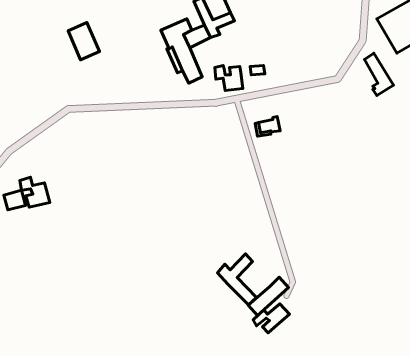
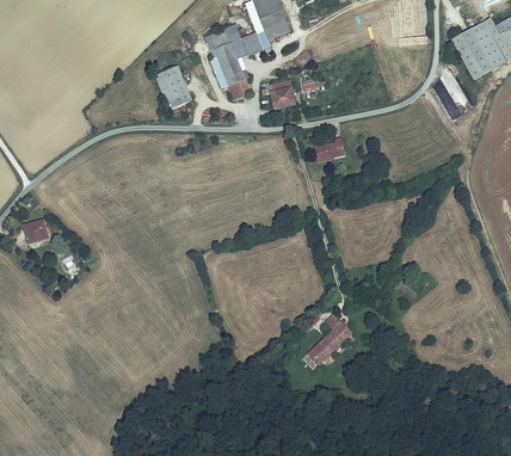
building: [68,23,99,60] -> [156,69,192,112]
building: [20,177,50,207] -> none
building: [218,254,257,305] -> none
building: [253,304,289,333] -> none

